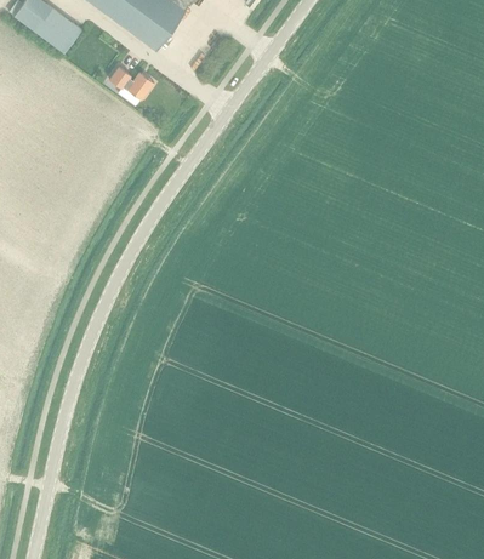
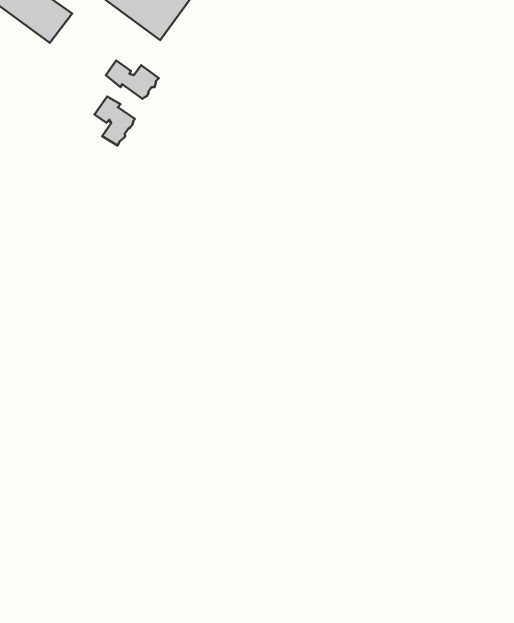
building: none -> [95,97,135,146]

